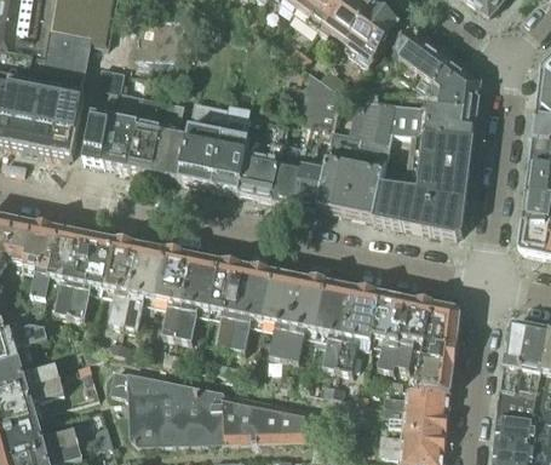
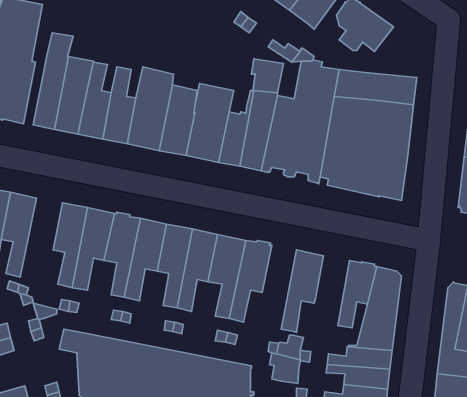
building: [426,59,480,111] -> none
building: [69,235,113,318] -> none
building: [315,283,352,369] -> none
building: [372,294,407,372] -> none

